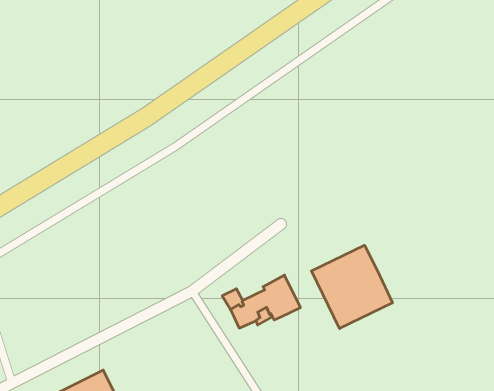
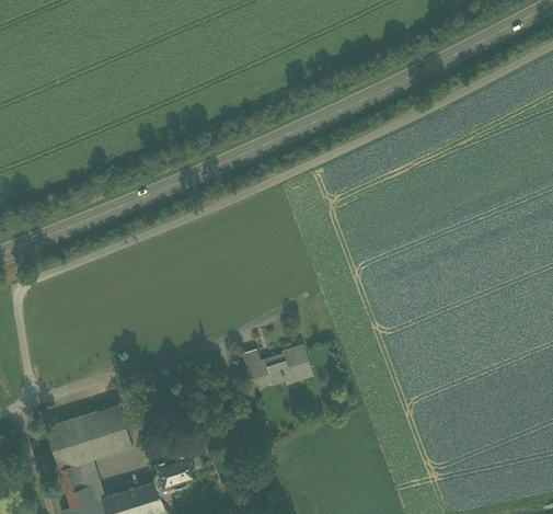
building: [311,245,392,329] -> none

